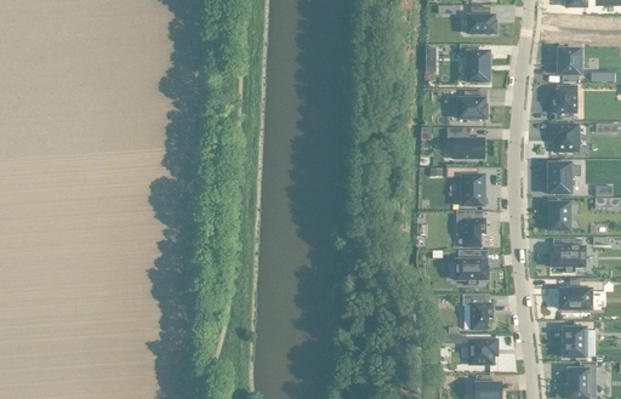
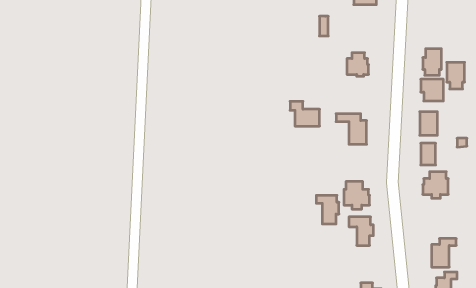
building: [461,44,489,82] -> none
building: [558,49,580,81] -> [447,62,465,89]
building: [448,127,484,158] -> [290,101,320,126]
building: [457,210,485,245] -> [316,195,339,224]
building: [560,280,604,308] -> none
building: [469,338,497,363] -> none

